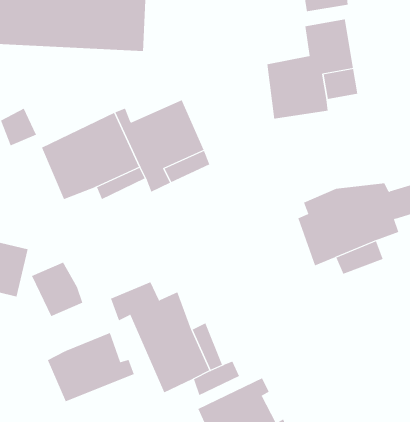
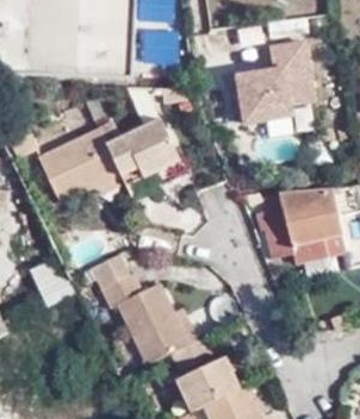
building: [47,332,135,402] -> none

